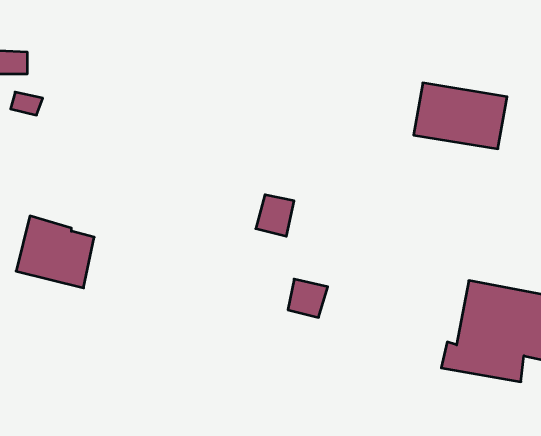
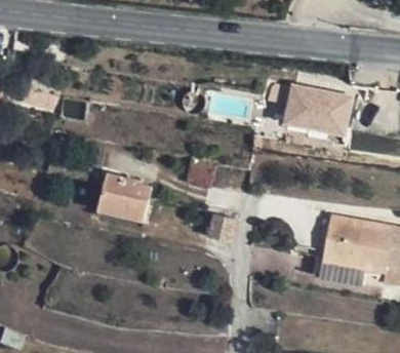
building: [16,216,94,288] -> [97,173,150,222]

